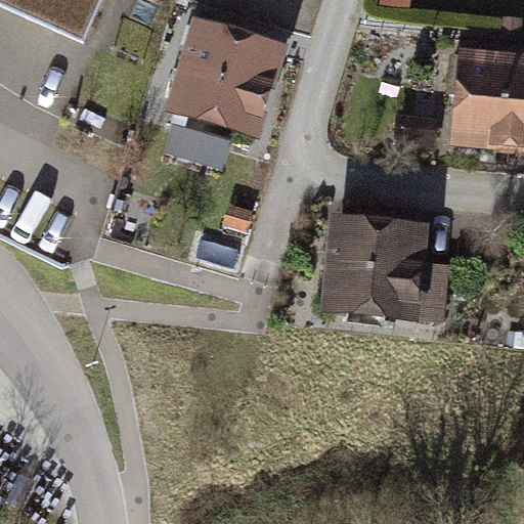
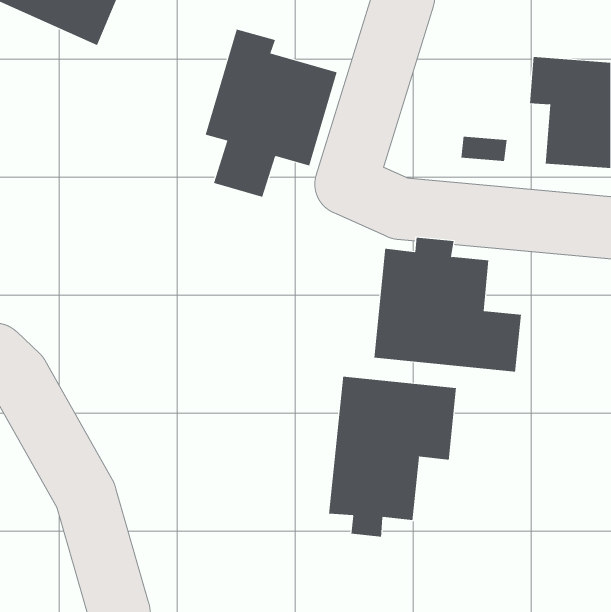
building: none -> [329,376,457,538]

